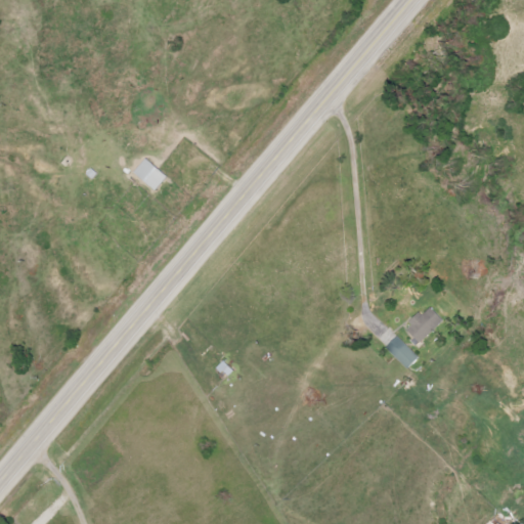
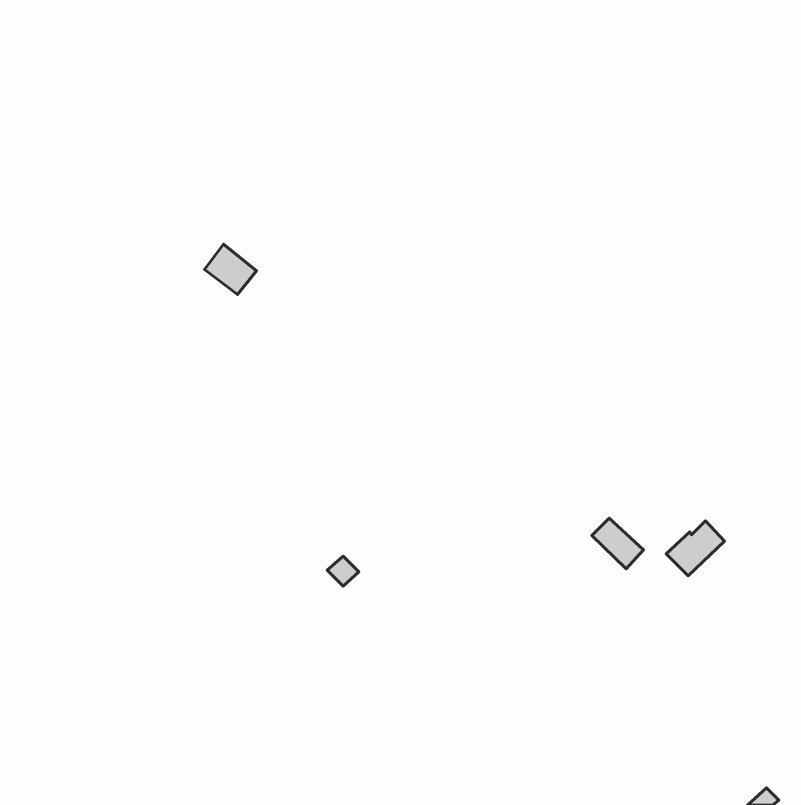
building: [404,307,442,343] -> [666,521,724,576]

